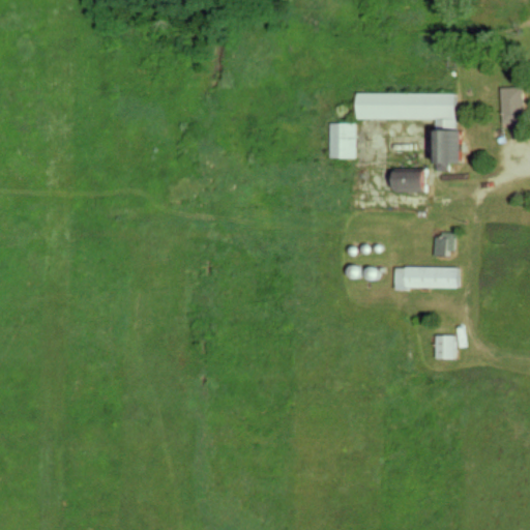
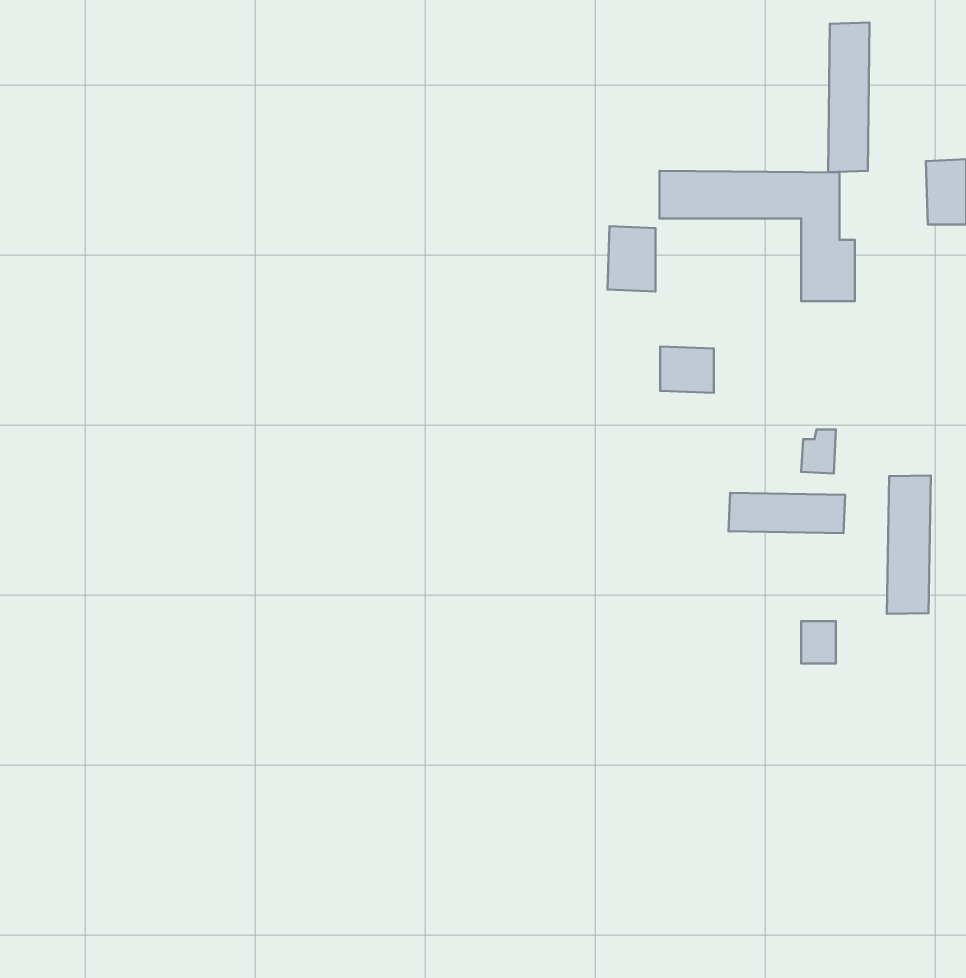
building: none -> [828,23,869,172]
building: [394,168,423,193] -> [660,347,714,393]
building: none -> [887,475,931,614]

